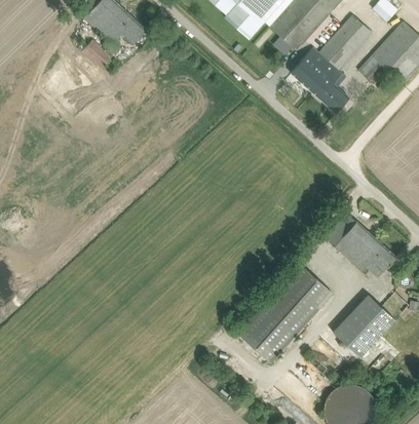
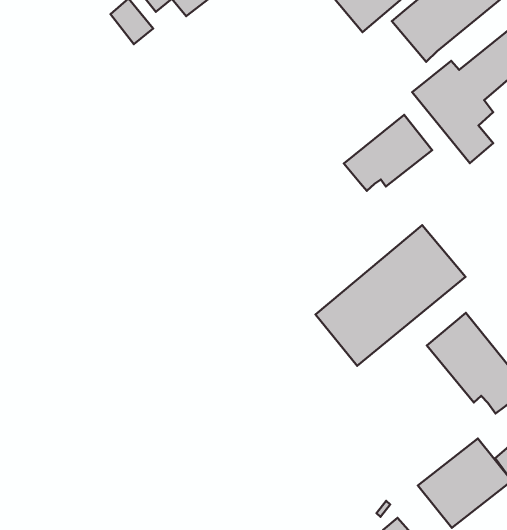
building: none -> [344,115,432,191]
building: [237,263,333,362] -> [315,225,466,366]

